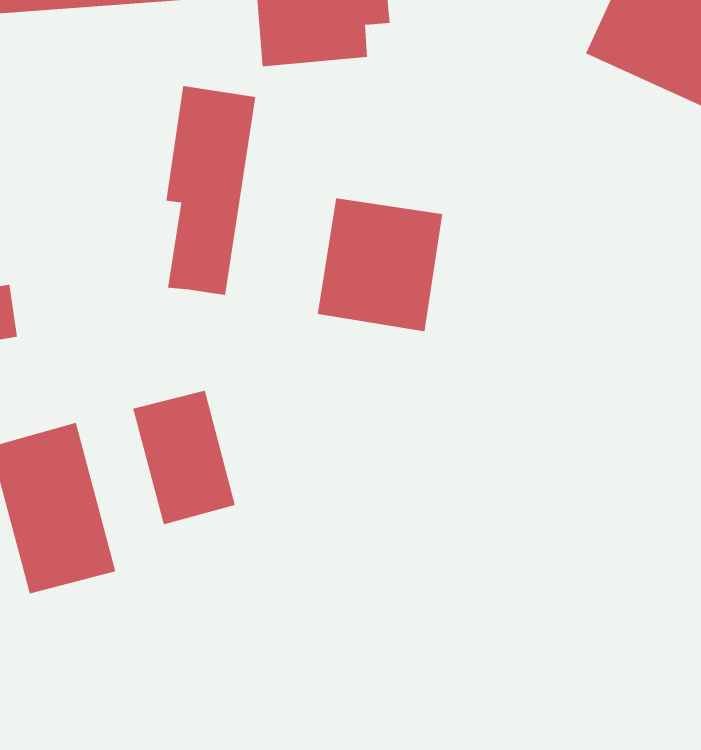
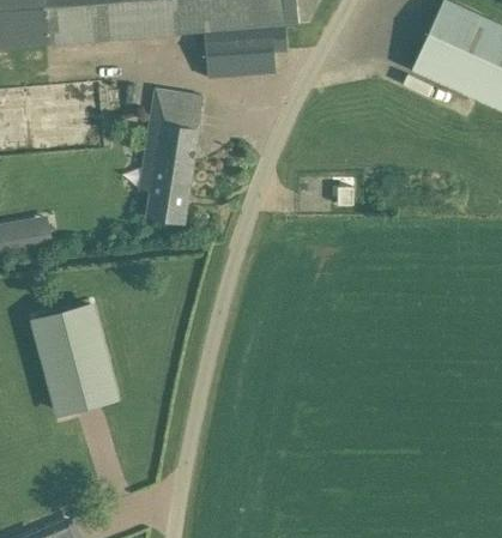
building: [317,198,443,332] -> none
building: [132,390,236,525] -> none

